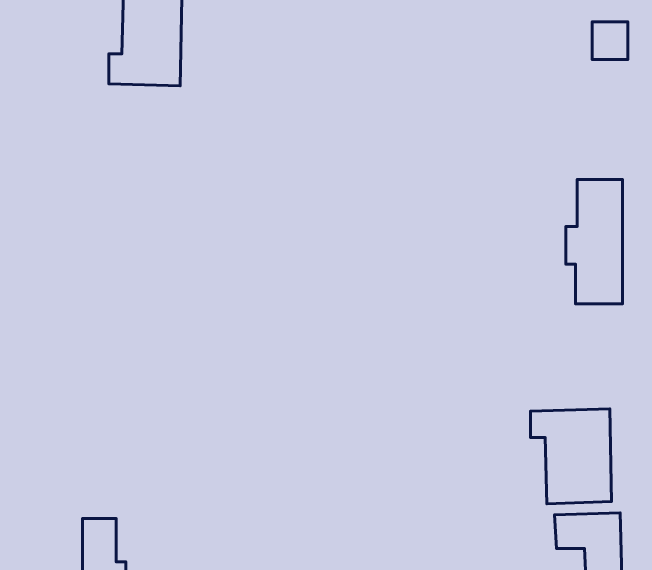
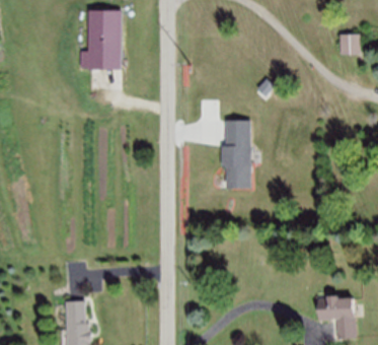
building: [566,180,622,304] -> [220,120,250,187]
building: [530,409,612,504] -> none

